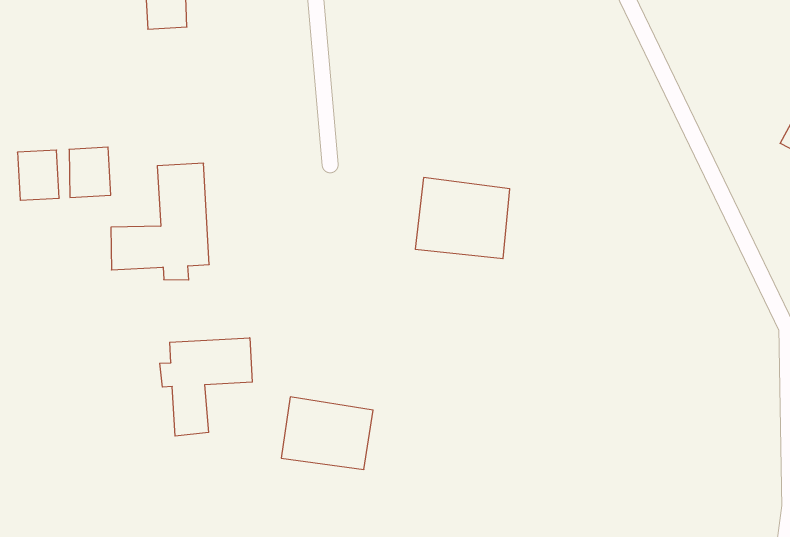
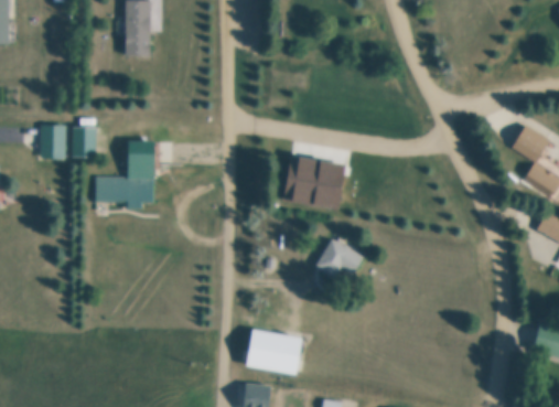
building: none -> [315,238,364,279]
building: [160,338,252,436] -> none
building: [281,397,373,469] -> [245,328,303,375]

